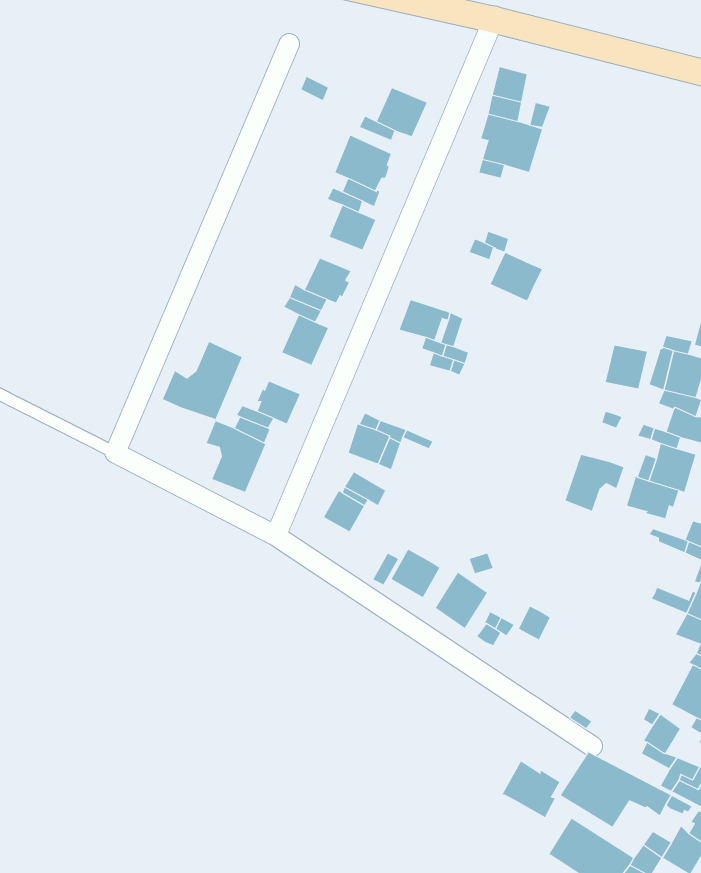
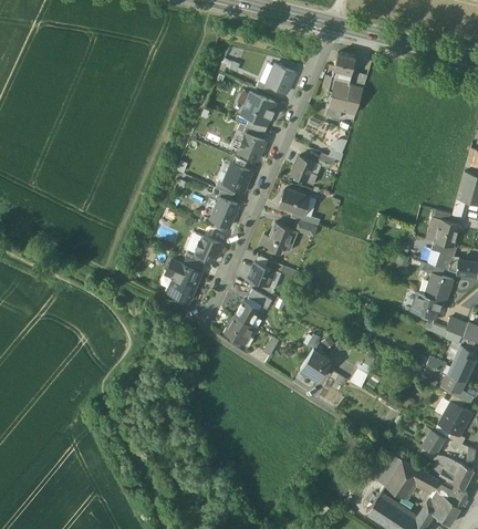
building: [490,252,543,301] -> [291,155,322,184]
building: [162,341,243,421] -> none
building: [605,345,647,389] -> none
building: none -> [261,221,298,250]
building: [565,453,624,511] -> none
building: [391,549,440,598] -> [226,315,254,344]
building: [502,761,560,818] -> none

